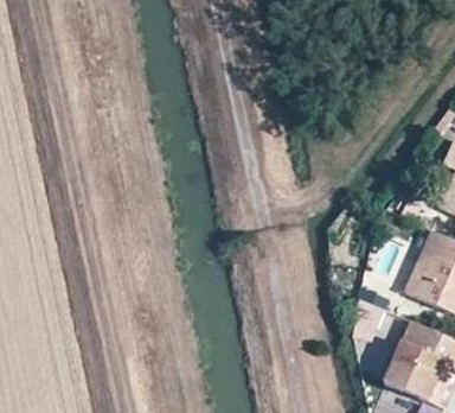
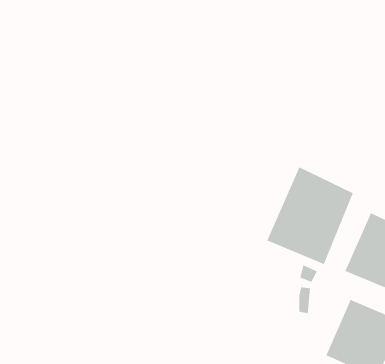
building: none -> [266,167,353,265]

